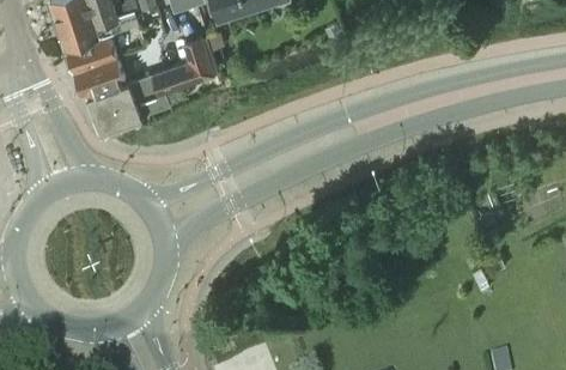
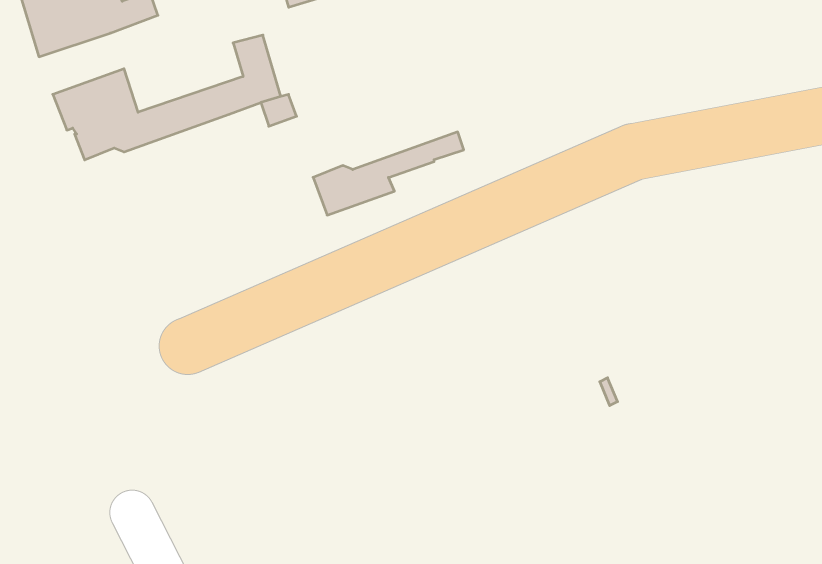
building: [67,28,118,65] -> none
building: [95,77,185,127] -> [313,132,464,215]

